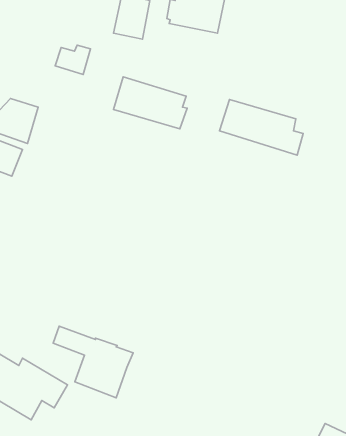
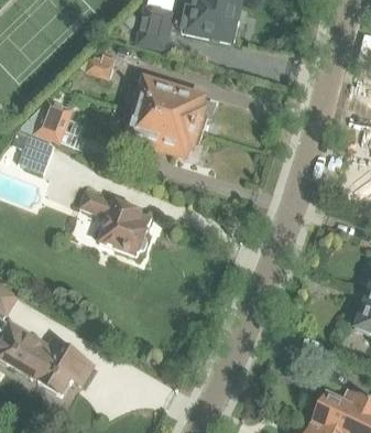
building: [220,99,303,155] -> [128,111,204,162]
building: [53,326,133,398] -> [79,191,152,256]

